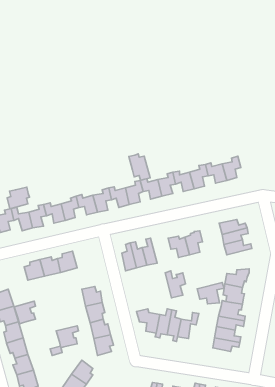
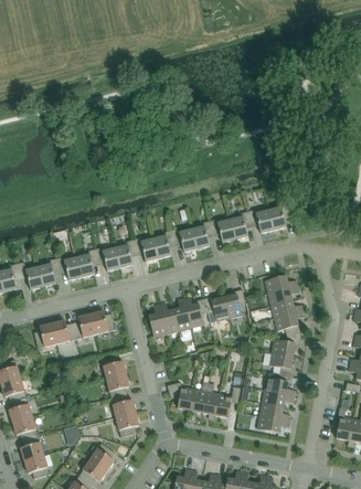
building: [129,154,150,180] -> none
building: [7,187,29,209] -> none
building: none -> [91,310,115,338]
building: [165,271,186,298] -> [183,296,208,328]
building: [197,282,224,304] -> [274,310,306,336]
building: [14,301,36,324] -> none
building: [56,326,78,348] -> none

